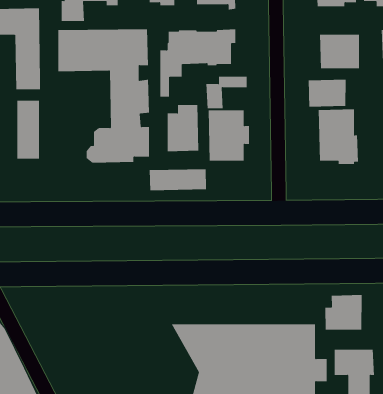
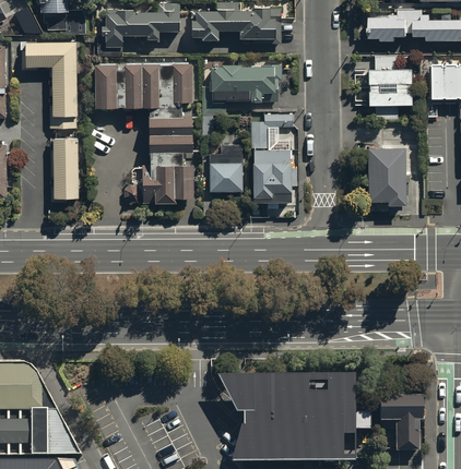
building: [308,79,346,108] -> none
building: [149,168,207,191] -> none
building: [325,294,362,330] -> none

